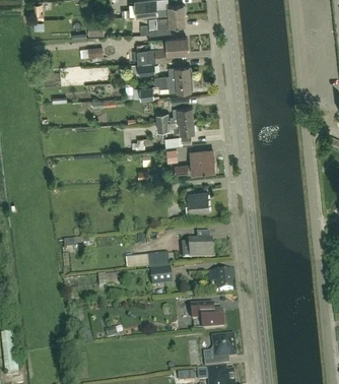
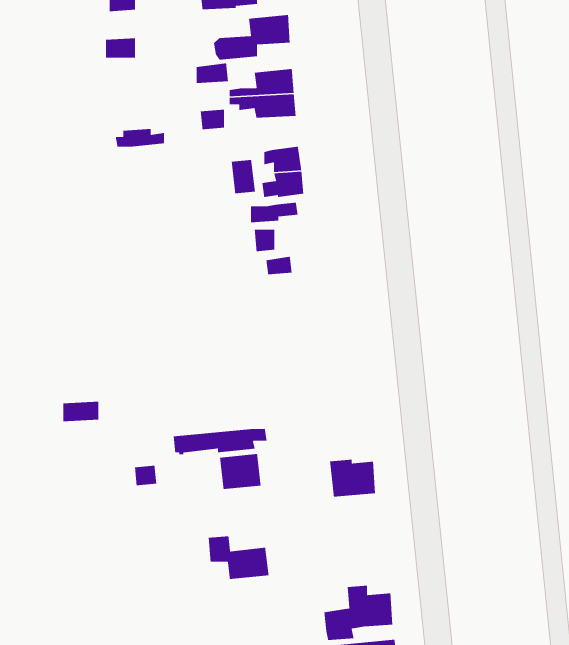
building: [189,150,214,173] -> none
building: [187,192,208,213] -> none
building: [188,239,212,258] -> none
building: [191,304,223,327] -> [208,535,270,580]

